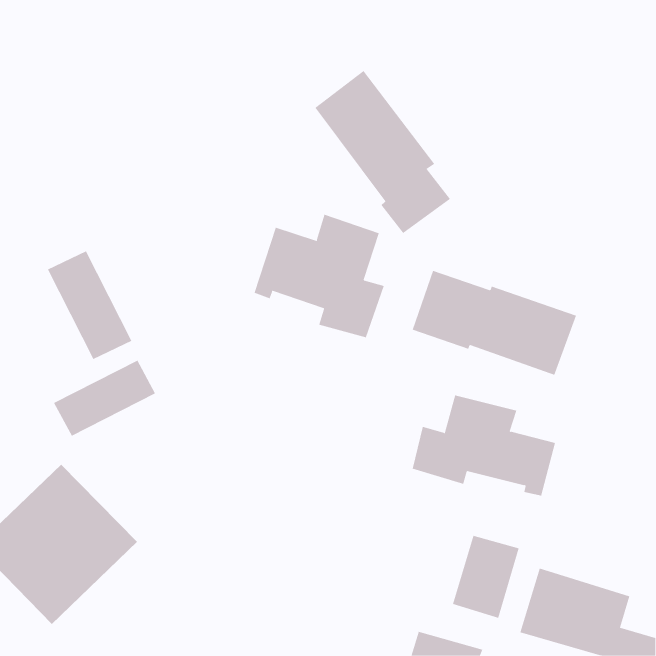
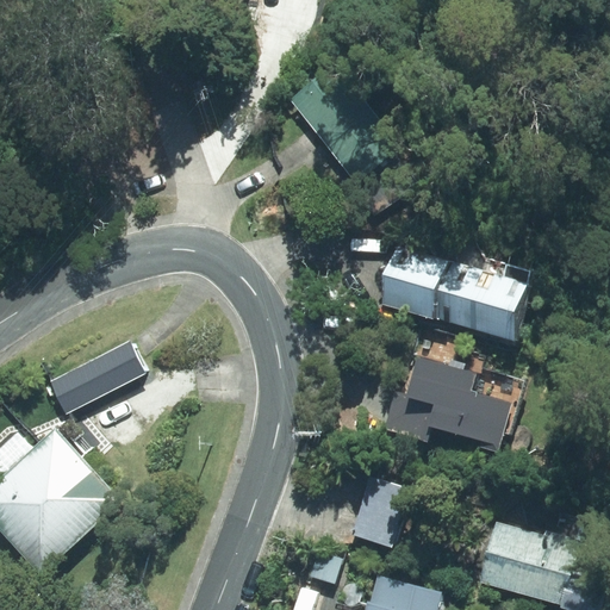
building: [254,214,385,338] -> none
building: [47,250,132,360] -> none
building: [452,535,520,618] -> [347,474,409,550]

